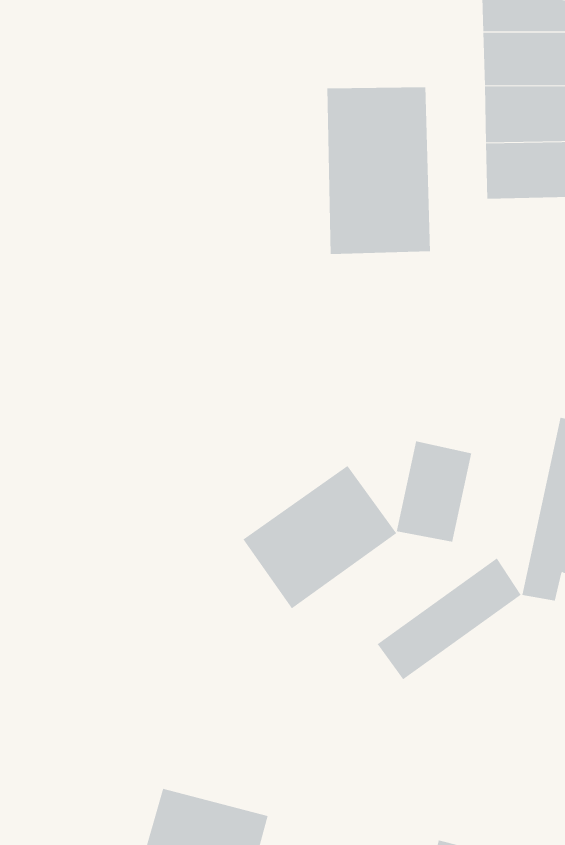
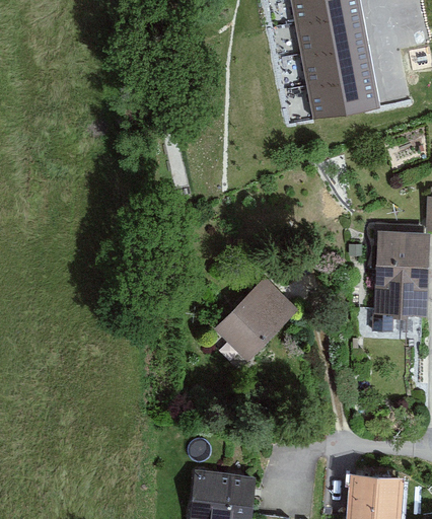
building: [327,87,430,255] -> none
building: [396,441,472,543] -> none
building: [377,557,521,680] -> none

